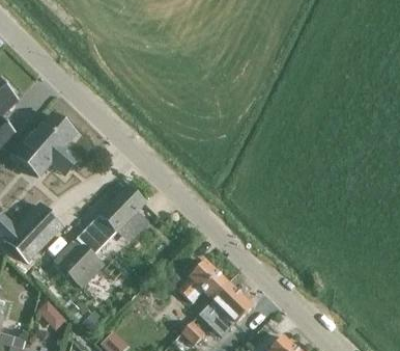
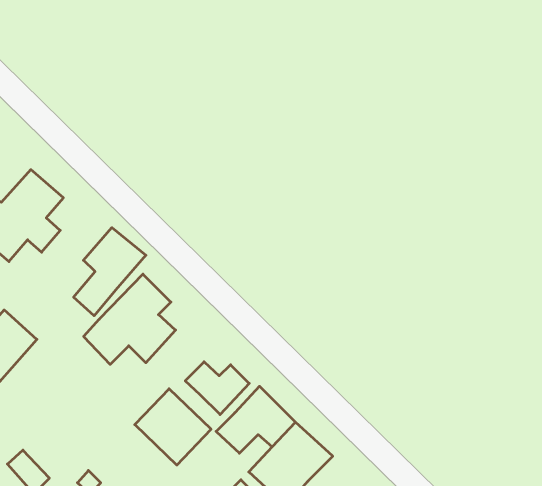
building: none -> [74,228,146,316]
building: [53,236,104,287] -> [135,389,211,465]
building: none -> [185,362,249,415]

